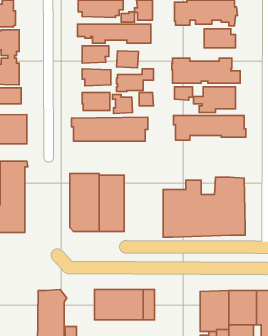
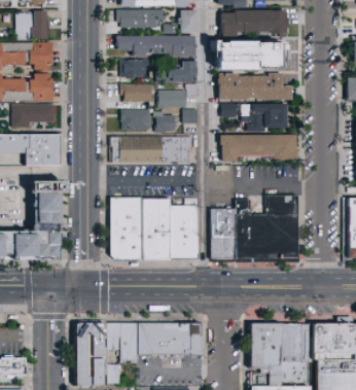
building: none -> [211,39,251,70]
building: none -> [167,205,195,257]
building: none -> [118,322,135,361]

